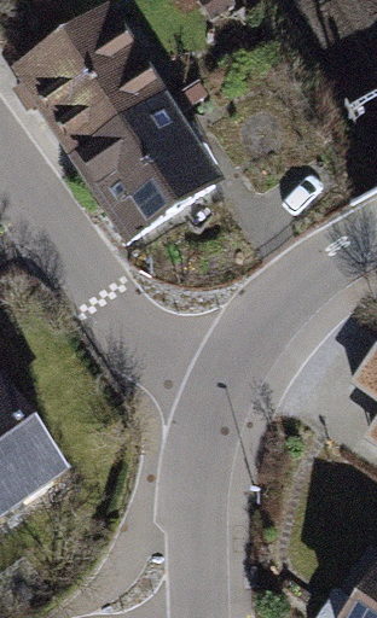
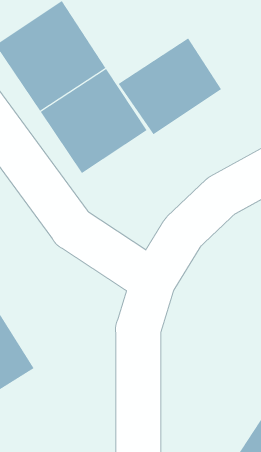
building: none -> [118,37,222,135]

